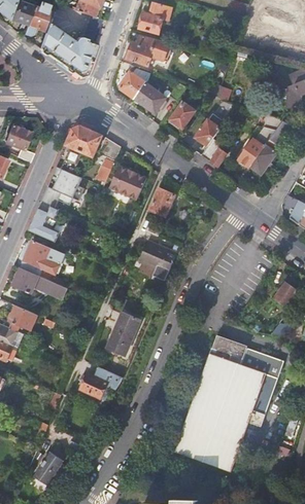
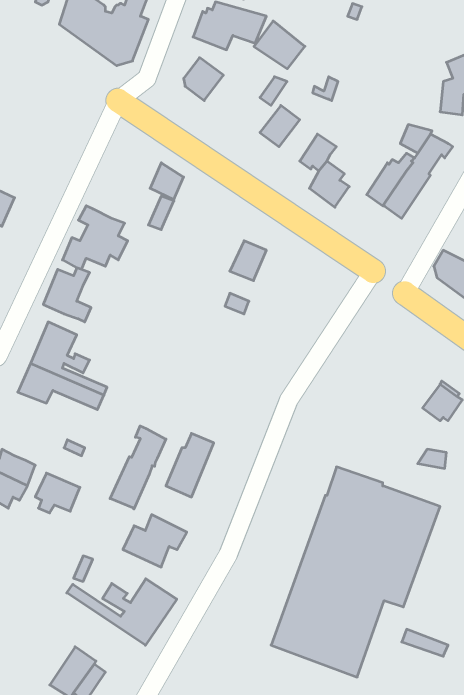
building: [133,82,166,113] -> [254,21,305,69]
building: [5,124,34,163] -> none
building: [61,127,103,175] -> none
building: [108,167,146,201] -> none
building: [138,241,175,281] -> none
building: [8,305,37,331] -> [35,473,80,513]
building: none -> [110,426,166,509]
building: none -> [67,579,177,645]

